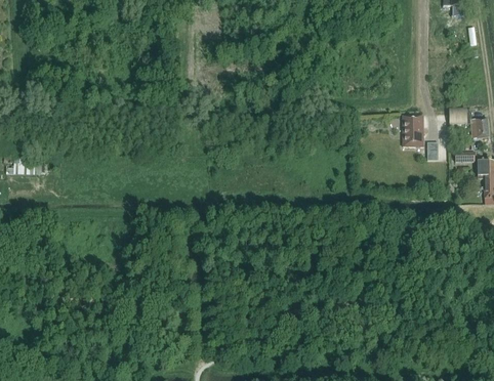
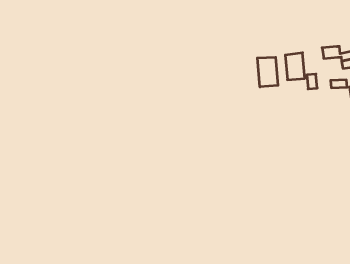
building: none -> [257,57,278,87]

